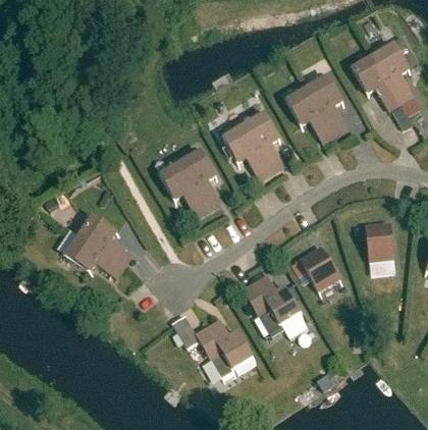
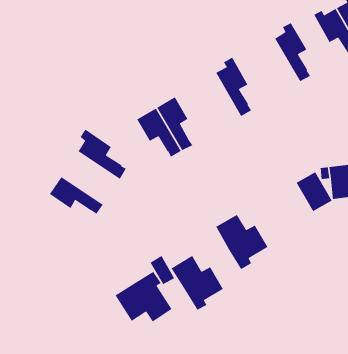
building: [282,87,334,141] -> none
building: [219,123,271,178] -> none
building: [78,210,131,265] -> [78,129,127,180]
building: [300,246,339,289] -> [296,171,333,212]
building: none -> [115,271,172,323]

